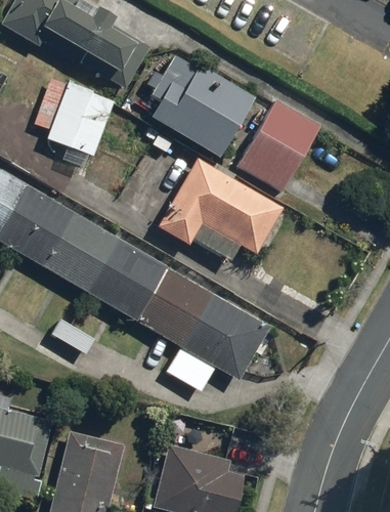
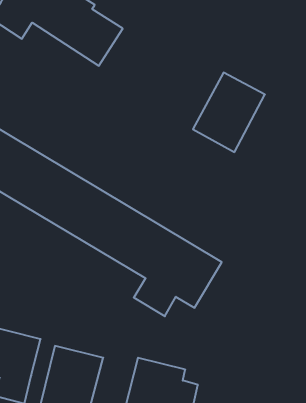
building: [145,54,255,158] -> none
building: [32,77,113,169] -> none
building: [156,158,285,262] -> none

